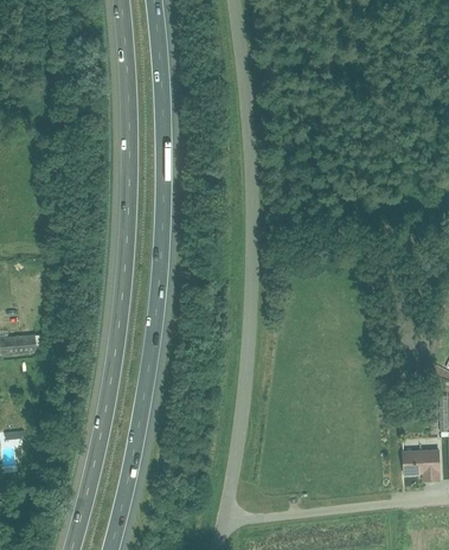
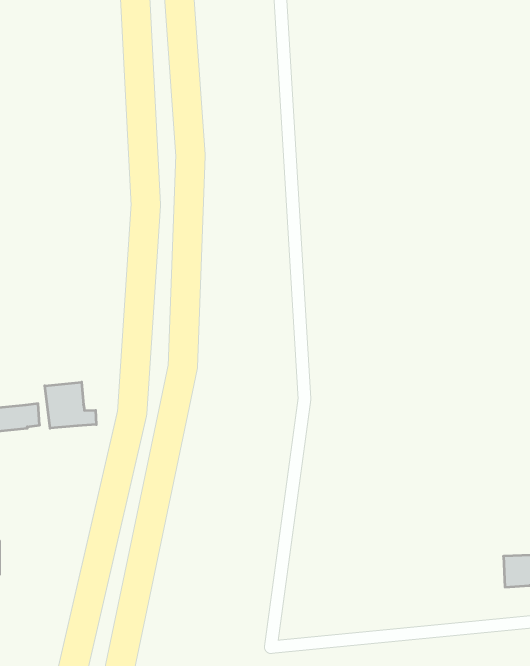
building: none -> [45,382,96,428]

